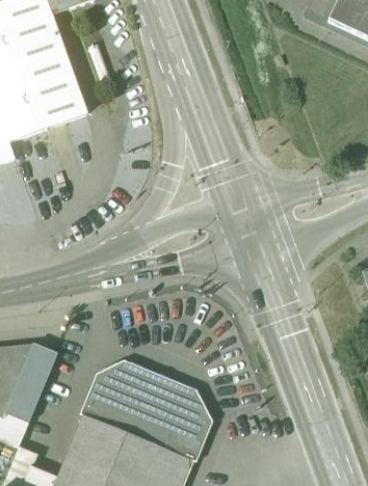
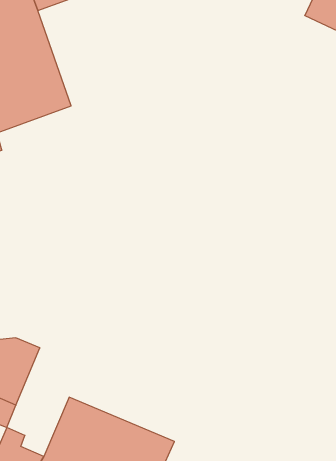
building: [84,362,210,460] -> none

